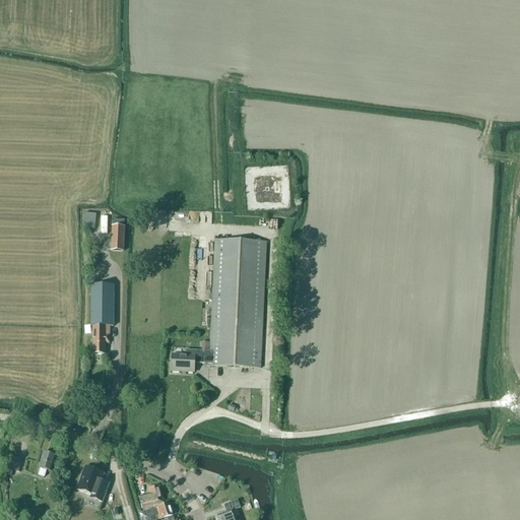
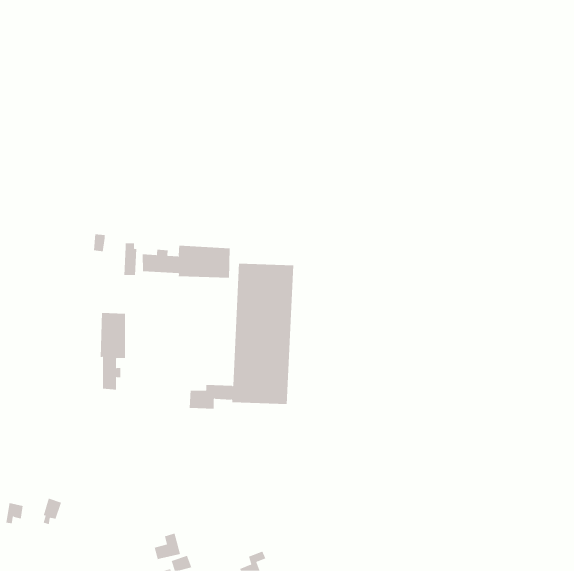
building: none -> [142,245,230,278]
building: [76,465,109,500] -> none

